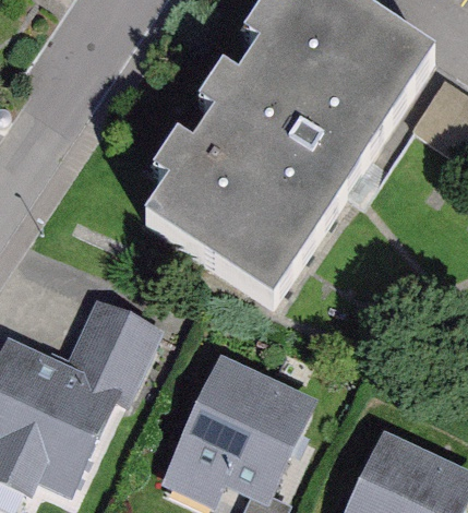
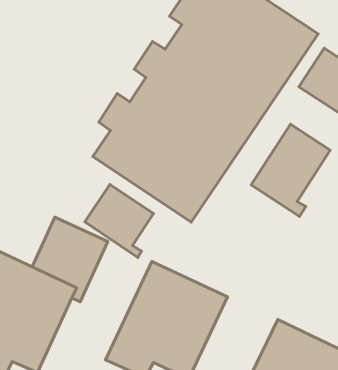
building: none -> [251,124,330,216]
building: none -> [85,184,153,257]

